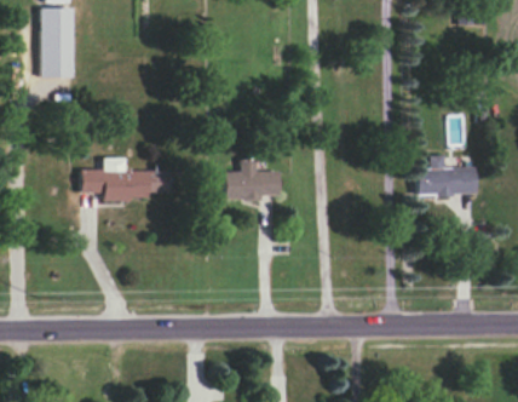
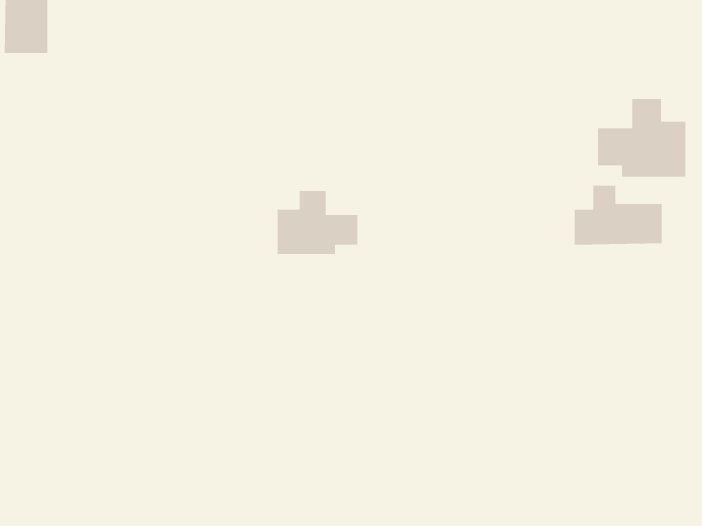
building: none -> [597,98,686,178]
building: [82,170,171,205] -> none

